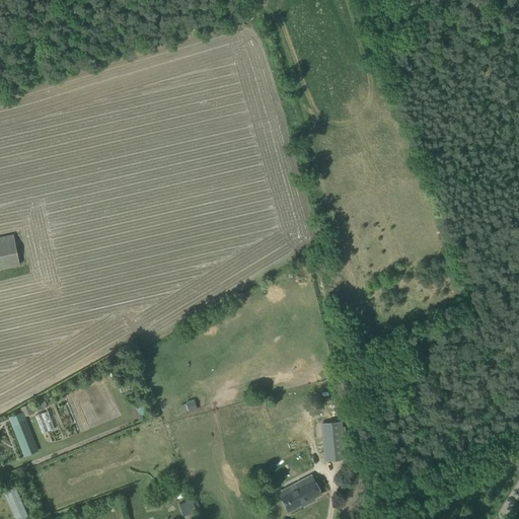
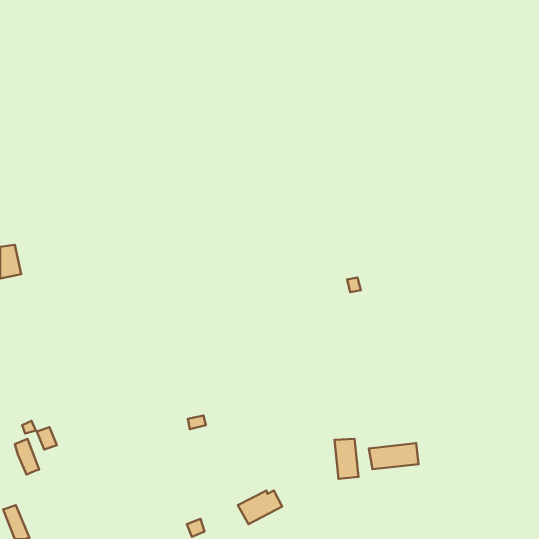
building: none -> [369,443,419,469]
building: [279,478,321,511] -> [238,491,282,524]

